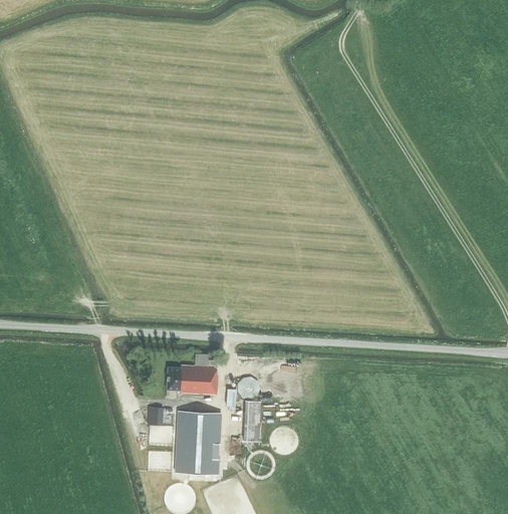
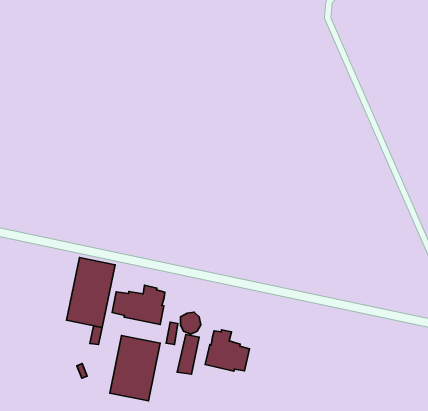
building: none -> [67,258,115,328]
building: none -> [205,330,249,371]

